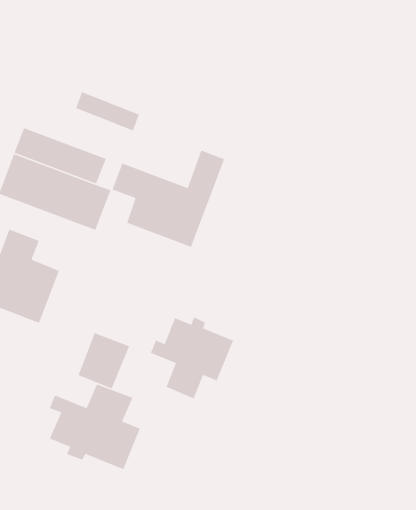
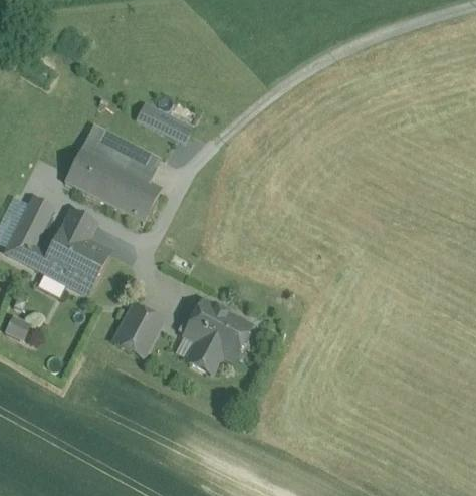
building: [112,150,225,248] -> none
building: [49,383,141,470] -> none

